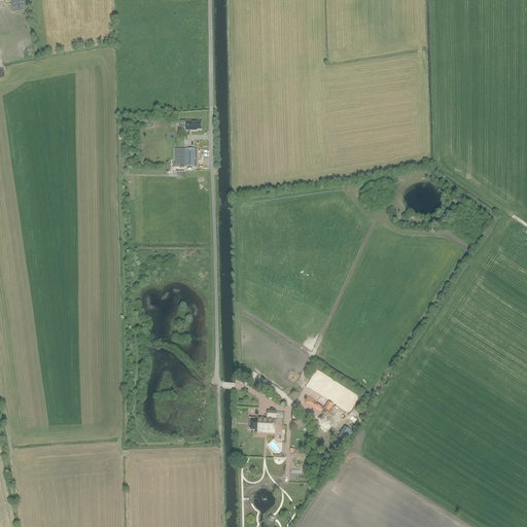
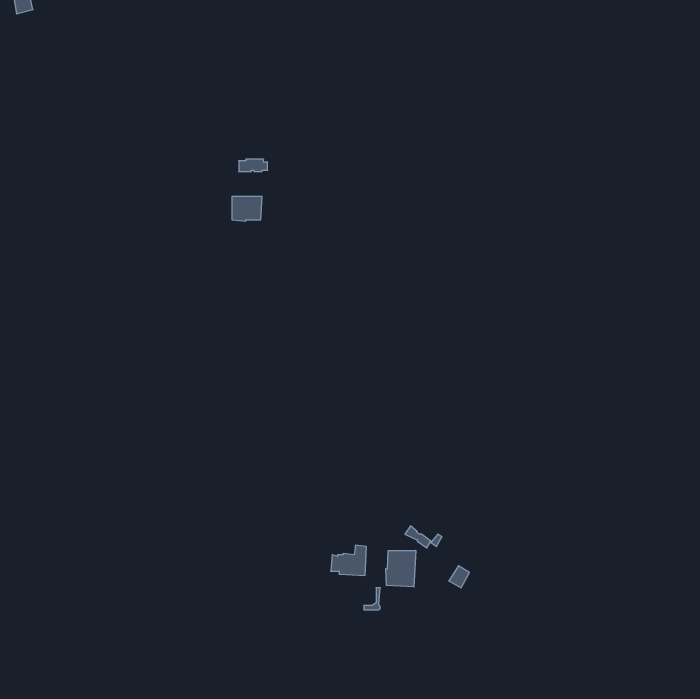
building: none -> [386,550,416,587]

